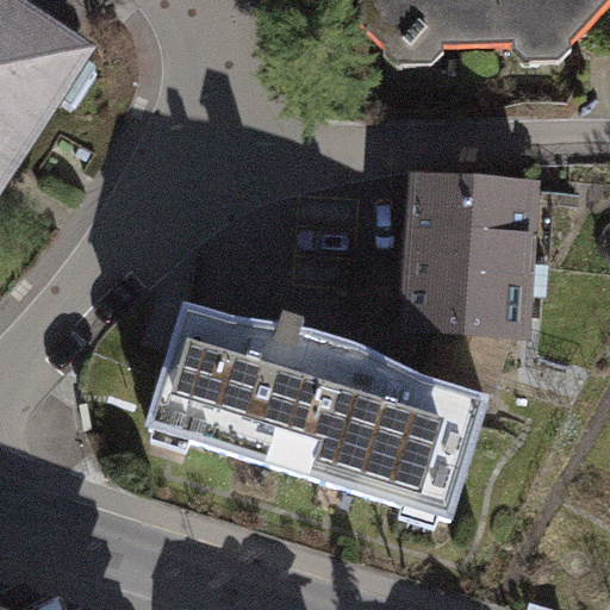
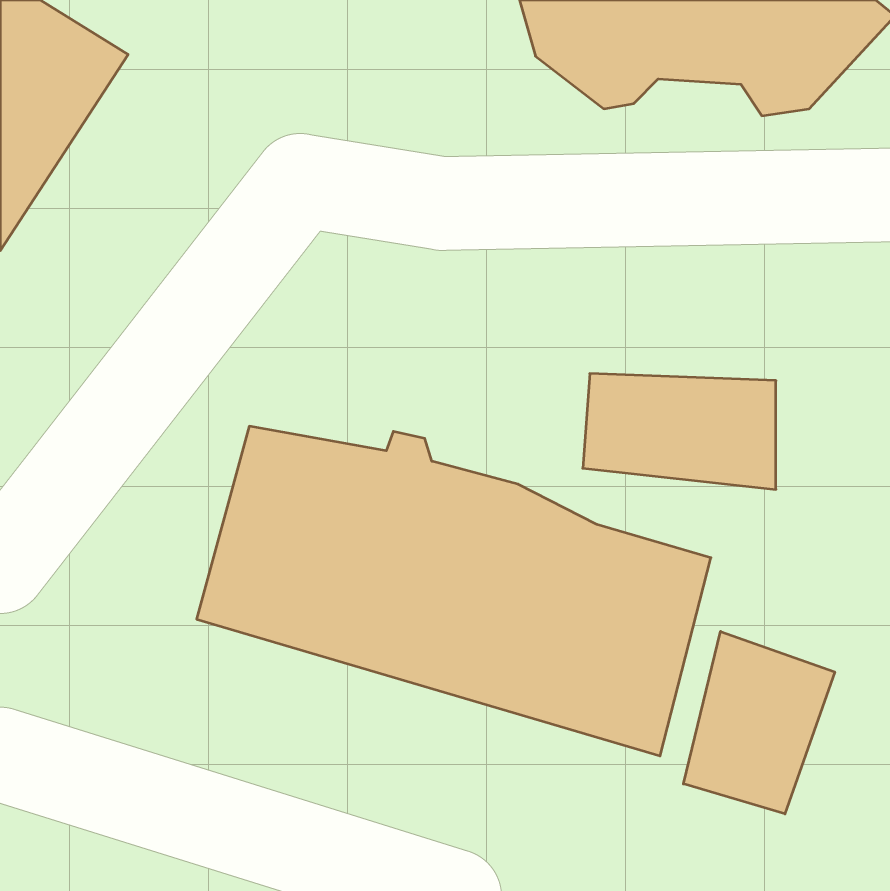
building: [405,170,539,262] -> none
building: none -> [683,631,835,814]

